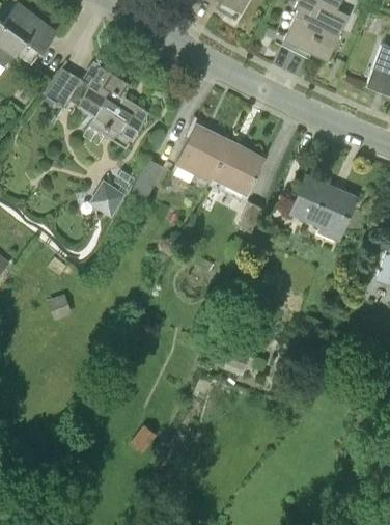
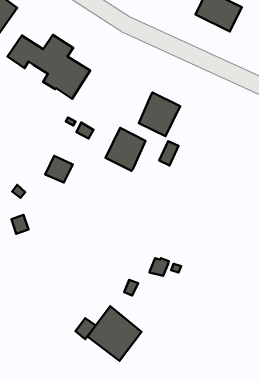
building: [175,127,226,182] -> [106,128,145,171]
building: [290,175,354,237] -> none
building: [92,176,128,211] -> [45,156,73,183]
building: none -> [88,306,141,361]

